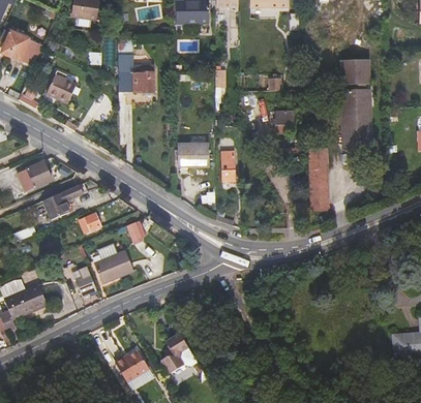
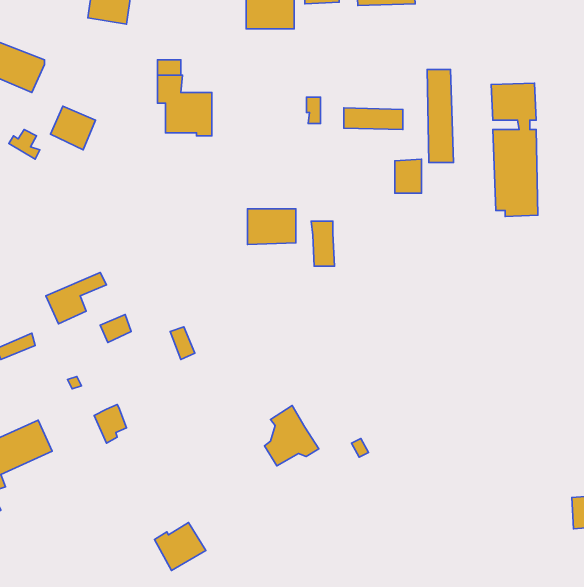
building: [309,148,327,210] -> [427,69,454,163]
building: [17,160,52,192] -> none
building: [93,250,133,283] -> none
building: [160,333,197,373] -> [264,405,319,466]

